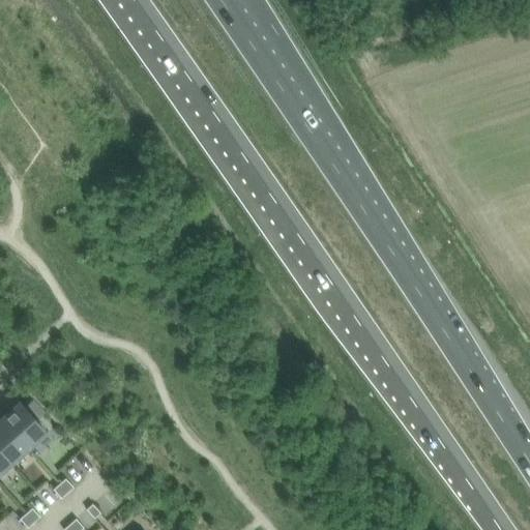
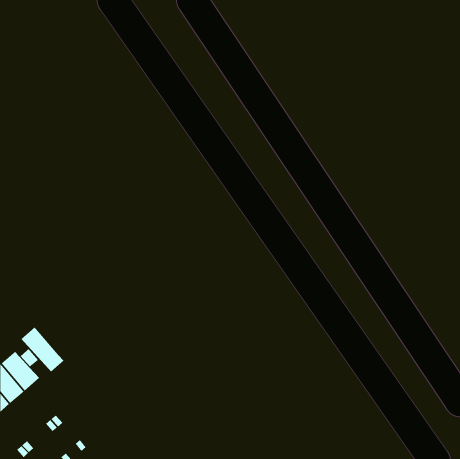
building: none -> [21,327,64,373]

